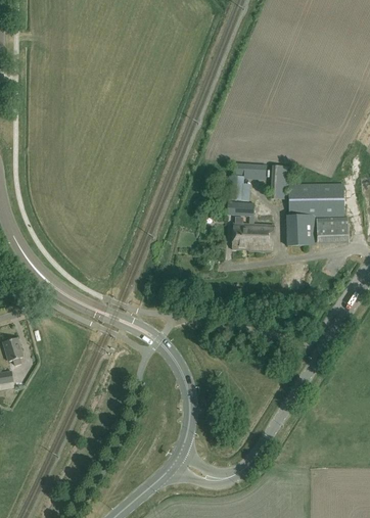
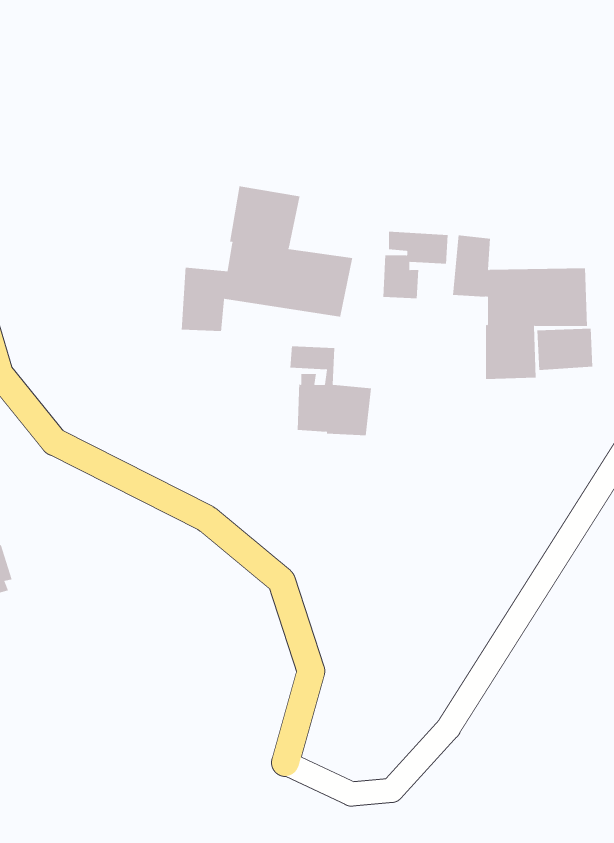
building: none -> [181,185,353,332]
building: [229,202,275,252] -> [289,346,372,436]

